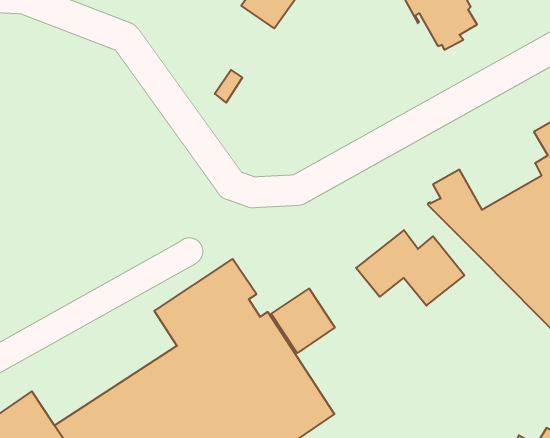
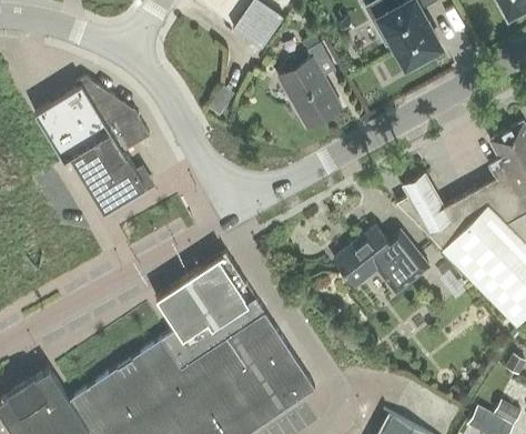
building: none -> [279,38,341,129]
building: none -> [34,78,149,213]
building: [271,288,335,353] -> none

